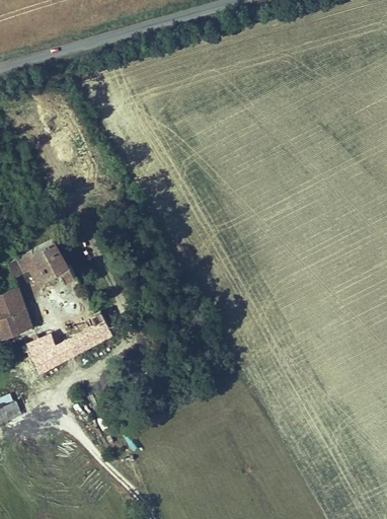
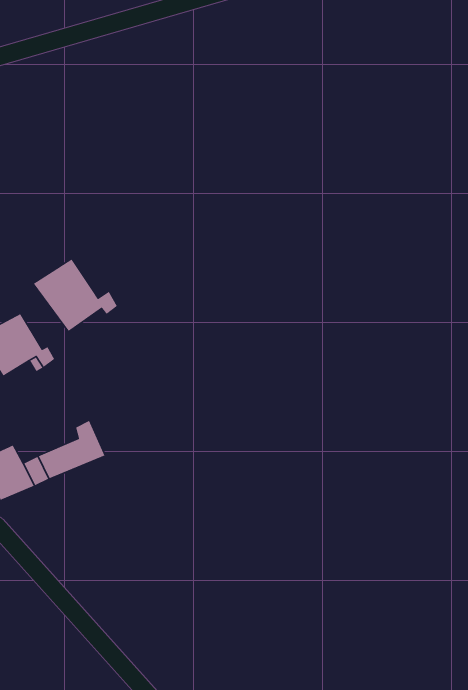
building: none -> [33,259,118,332]

